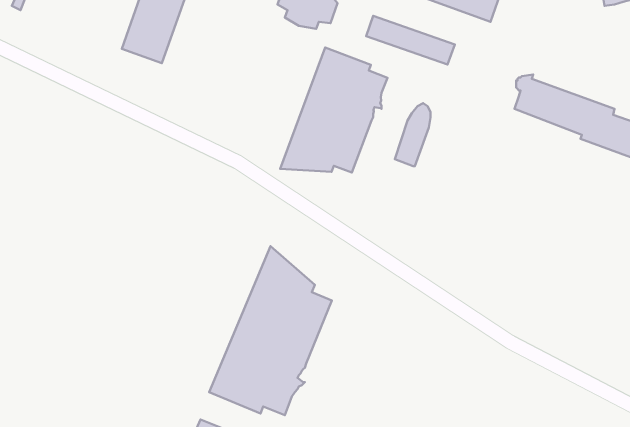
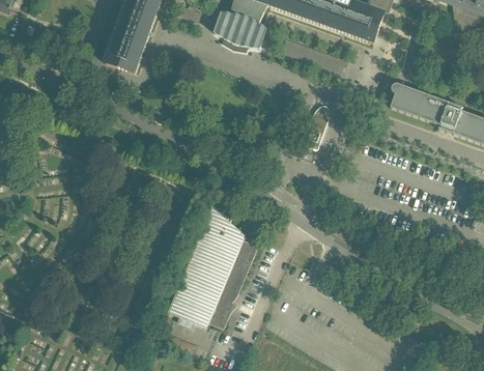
building: [280,47,388,172] -> none

